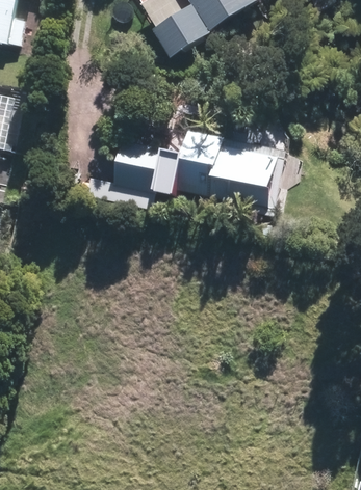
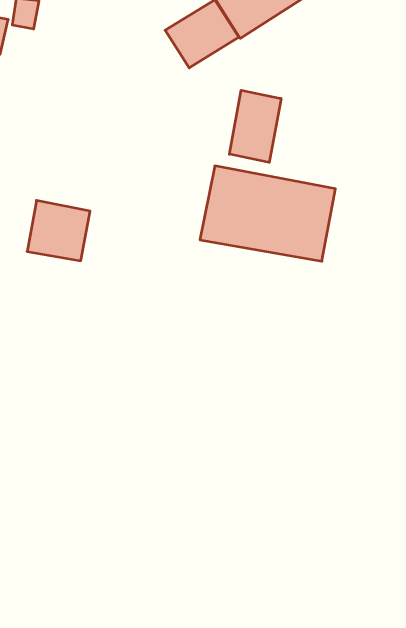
building: none -> [229,90,281,162]
building: [117,141,165,188] -> [27,200,90,261]

